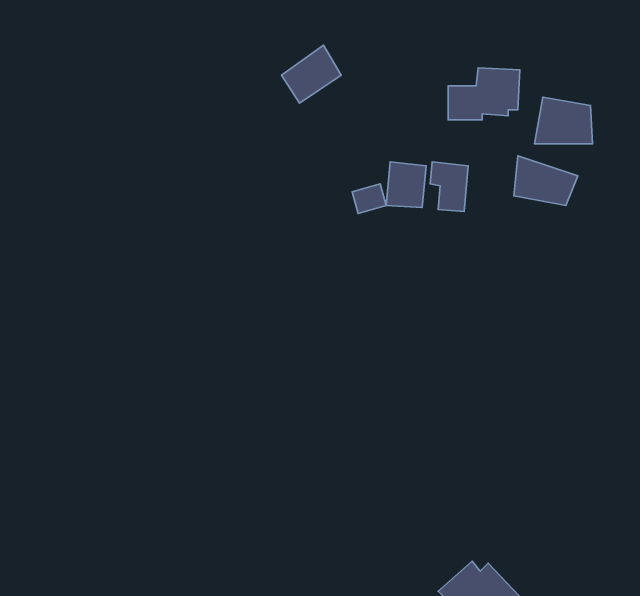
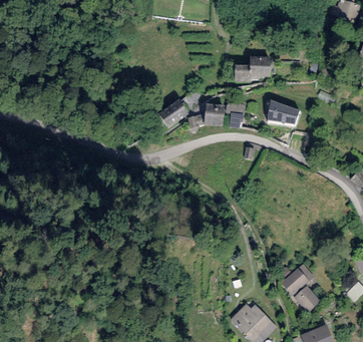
building: [281,45,341,103] -> [158,98,189,127]
building: [535,97,592,144] -> none
building: none -> [281,263,321,312]

